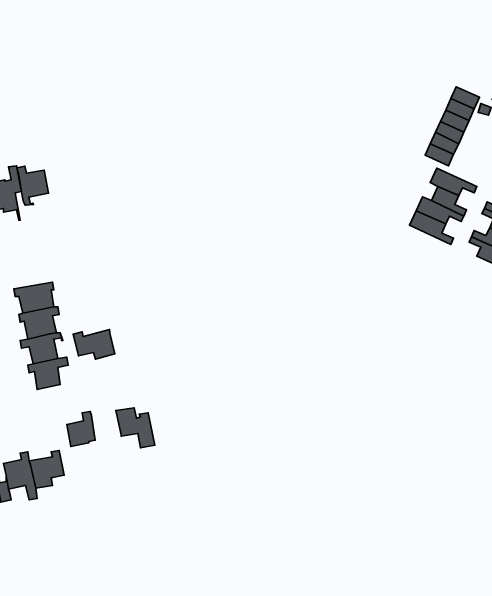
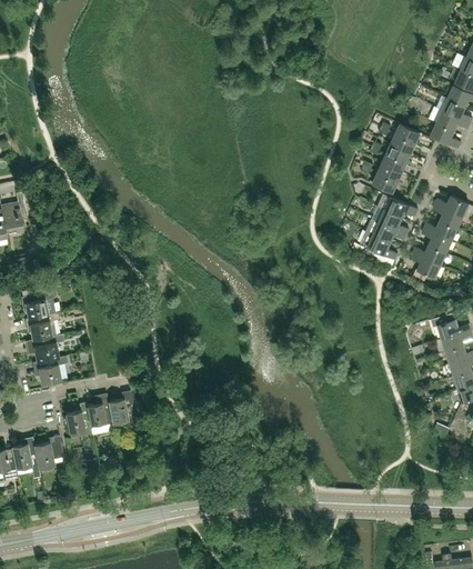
building: [17,166,49,205] -> none
building: [73,329,115,359] -> none
building: none -> [87,398,112,429]

